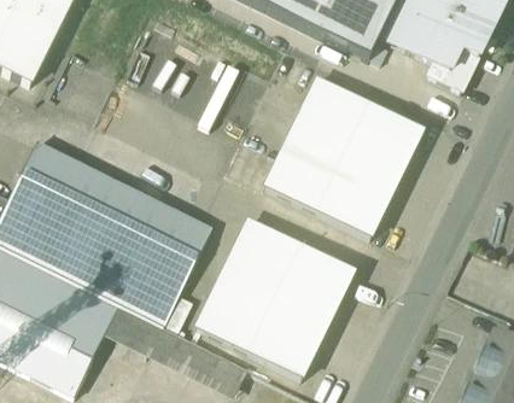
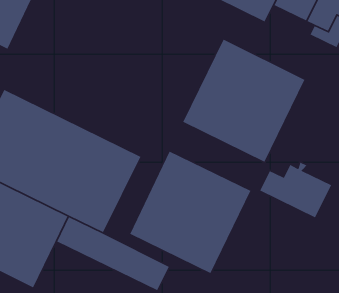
building: none -> [259,161,332,218]

